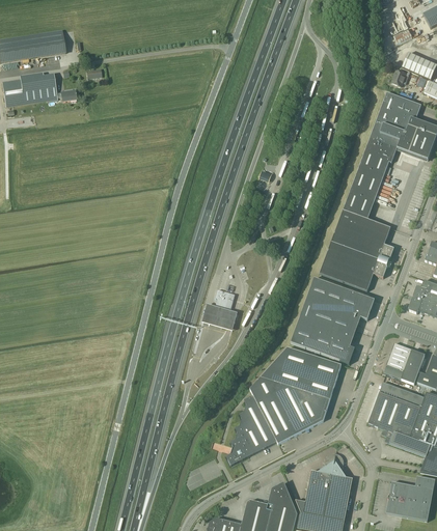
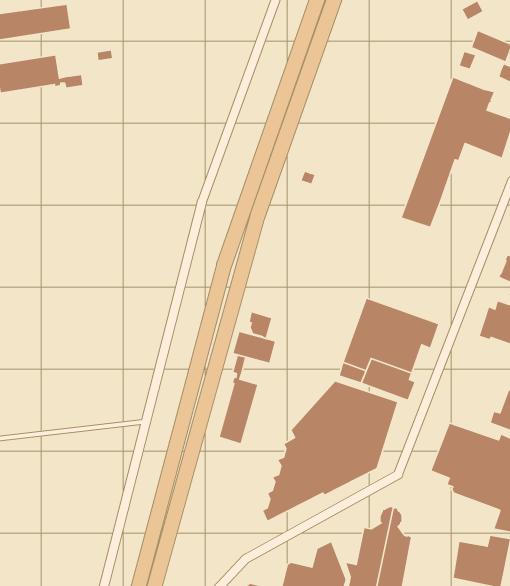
building: [319,211,394,291] -> none
building: none -> [219,355,258,444]
building: [383,343,425,385] -> none

